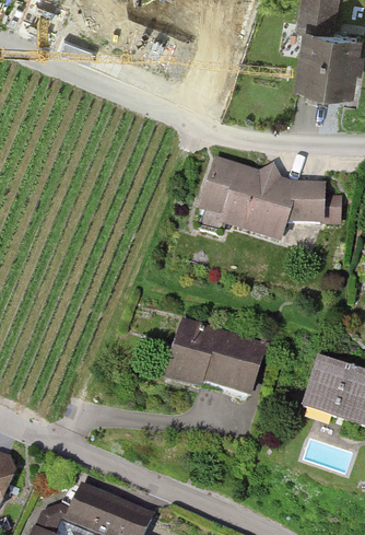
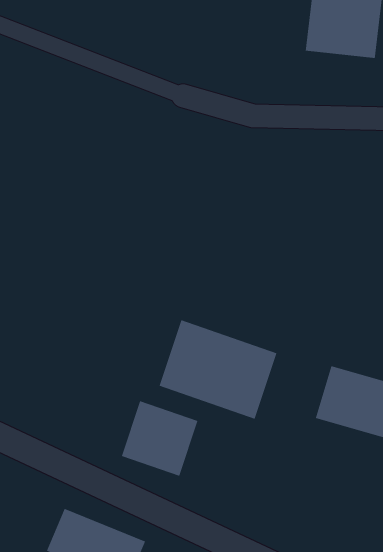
building: [197,155,341,243] -> none
building: none -> [121,400,199,477]

